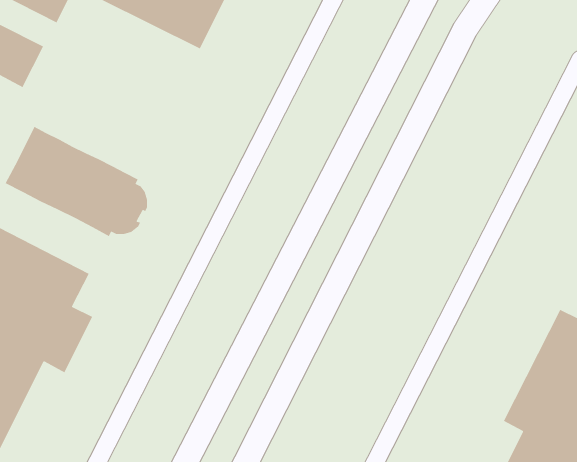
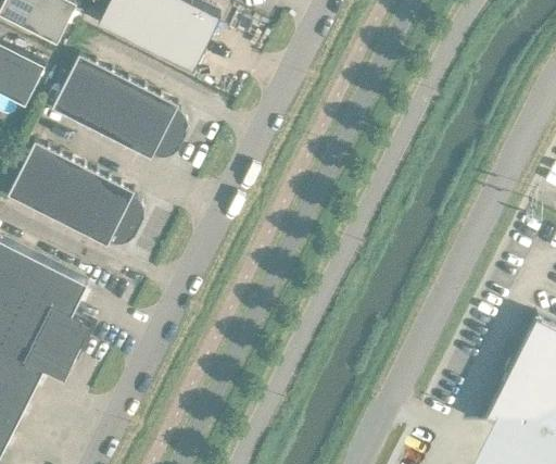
building: none -> [50,54,187,160]

